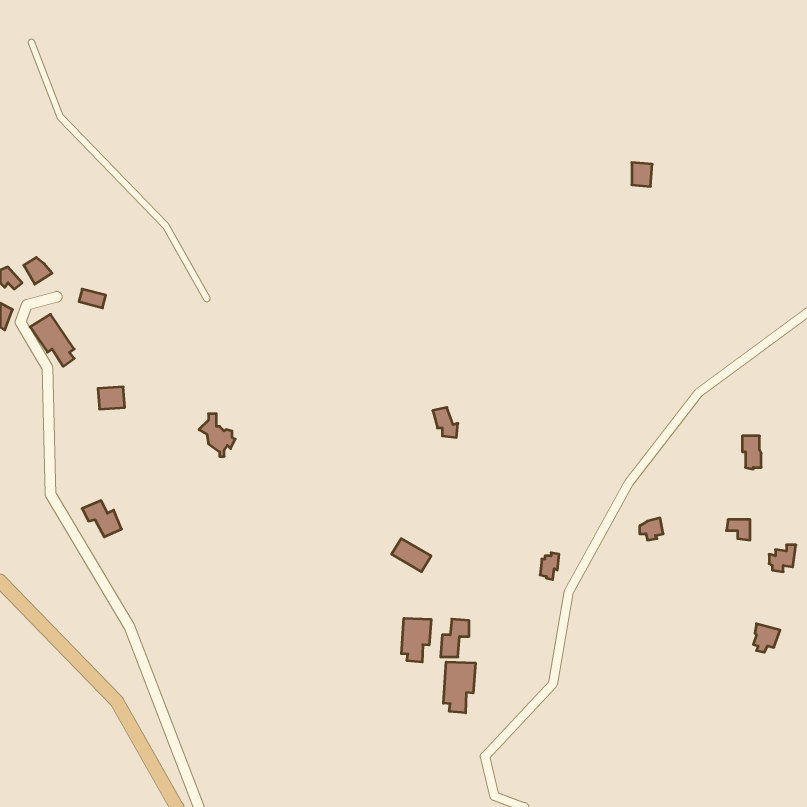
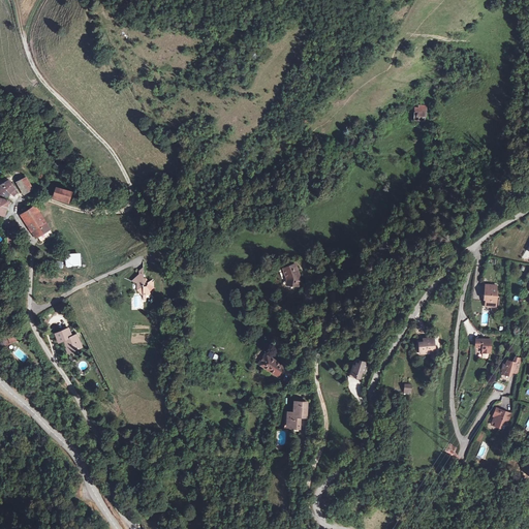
building: [401,618,431,662] -> none
building: [443,662,475,713] -> none

